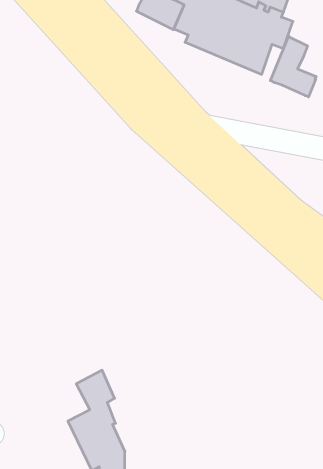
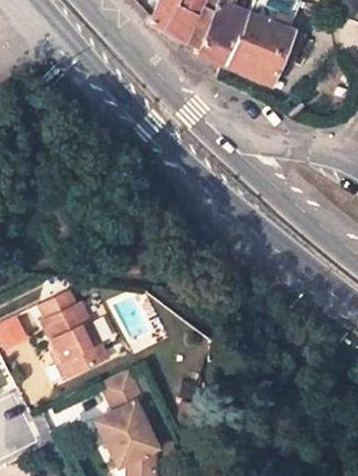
building: [270,36,316,97] -> none
building: none -> [37,292,106,379]

